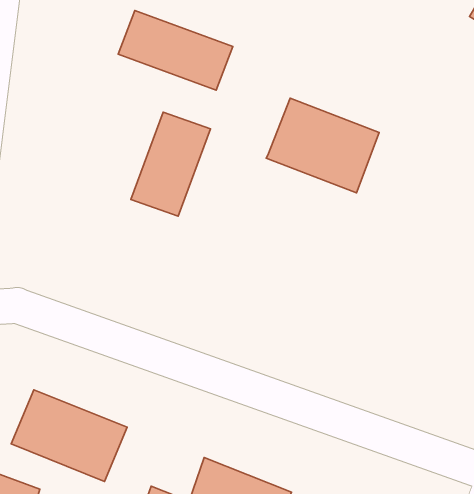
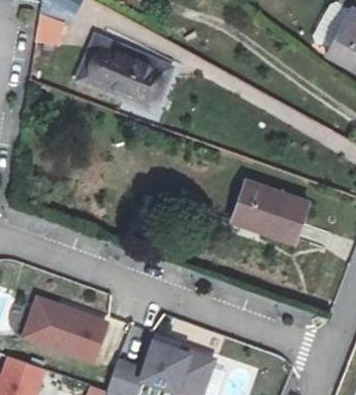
building: [266,98,379,193] -> [226,179,302,242]
building: [131,112,211,216] -> none

